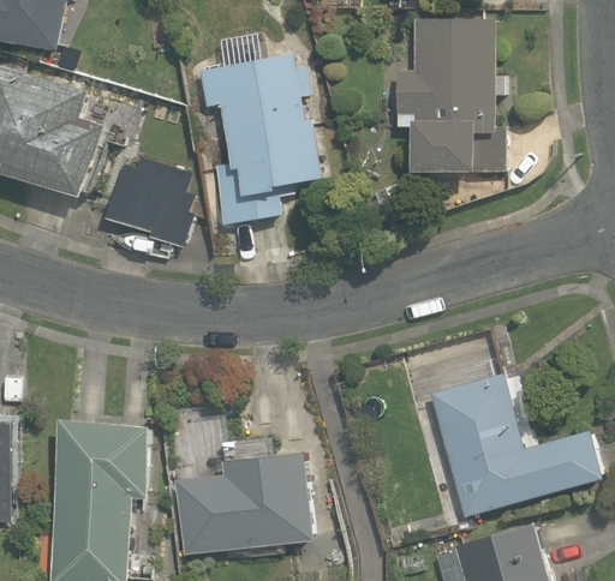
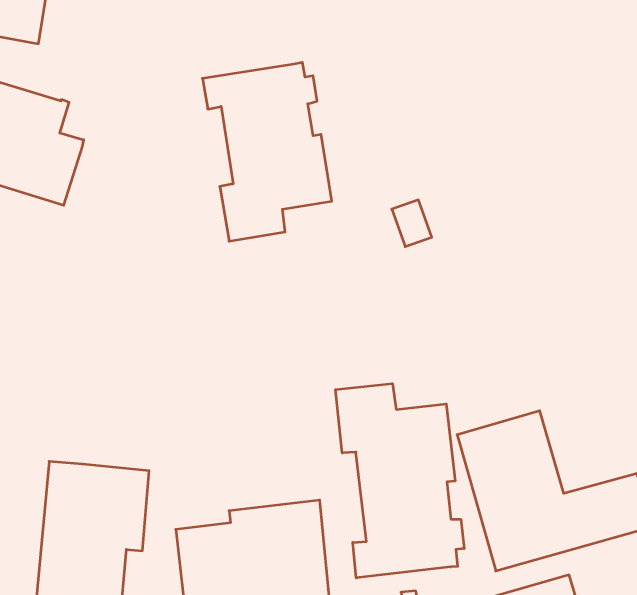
building: [398,22,501,168] -> none
building: [106,158,193,262] -> none
building: none -> [336,384,464,578]

